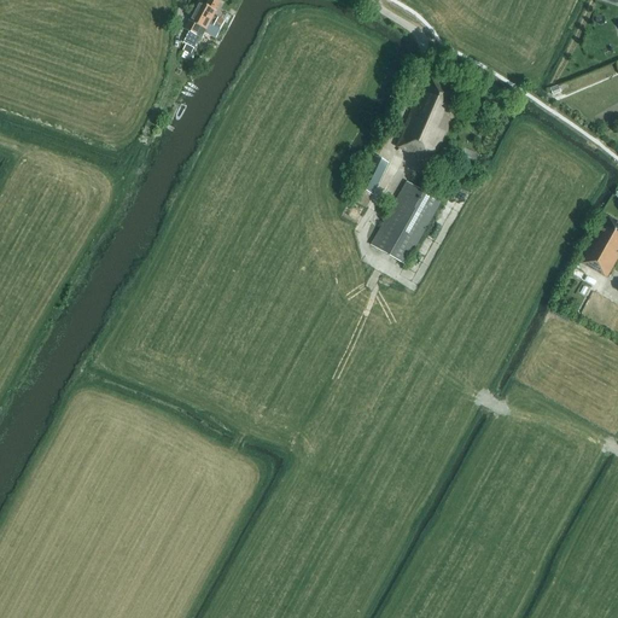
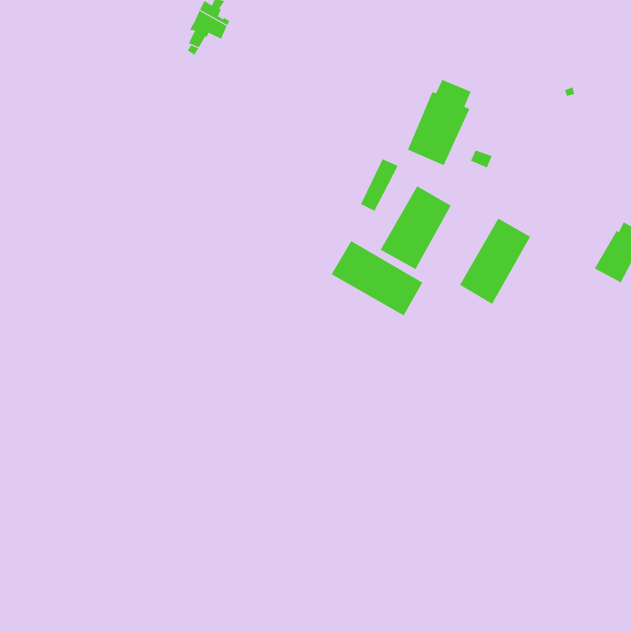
building: none -> [459,218,531,305]
building: none -> [331,240,423,316]

